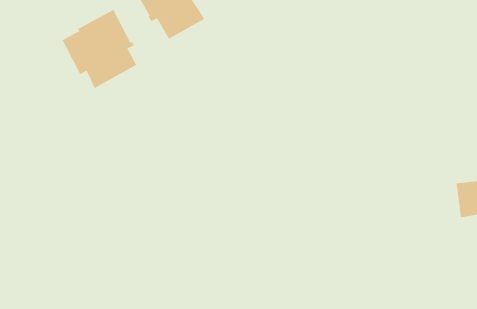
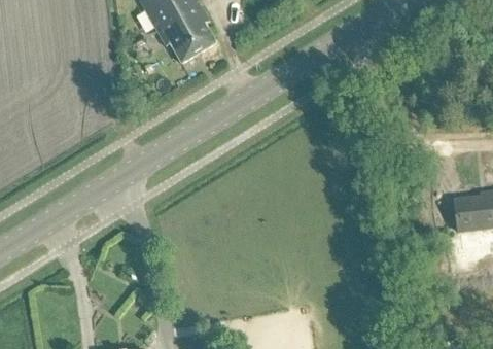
building: [62,9,137,89] -> none

